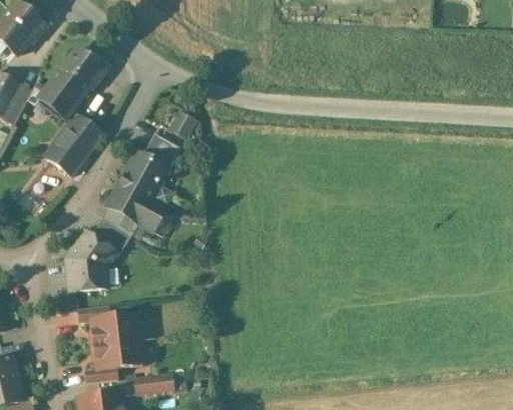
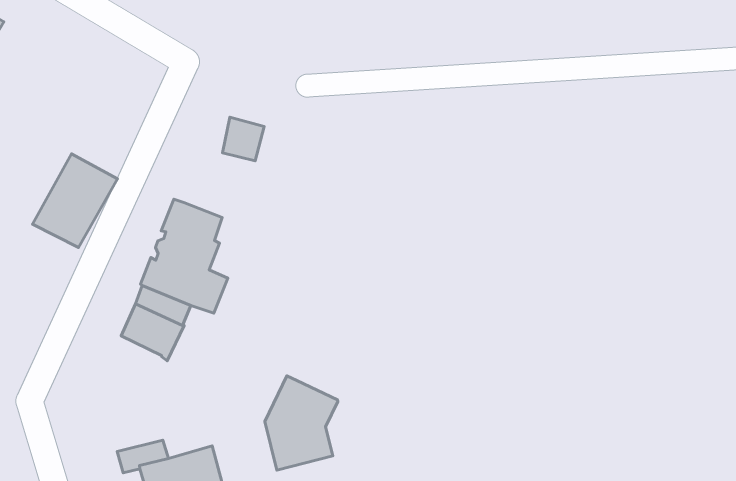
building: [38,48,104,117] -> none
building: [142,134,177,168] -> none
building: [66,231,114,290] -> [265,376,338,470]

